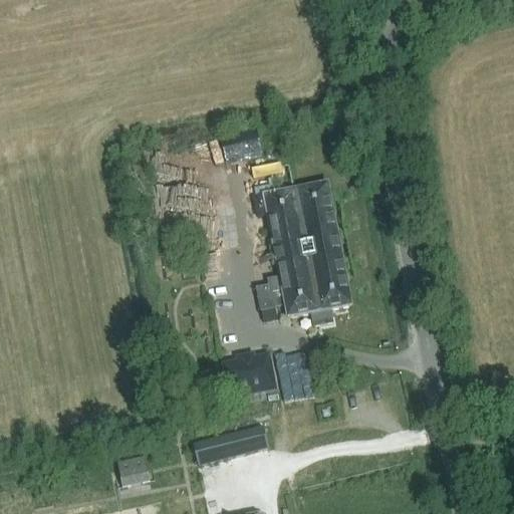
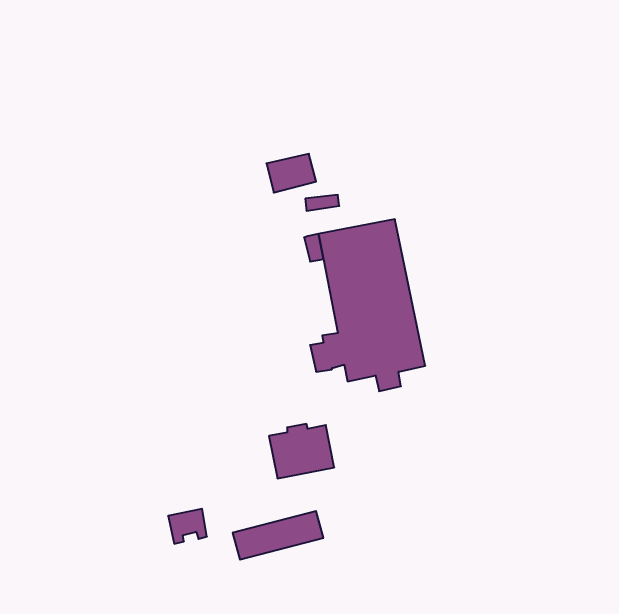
building: [288,352,312,393] -> none
building: [117,457,150,486] -> [168,509,207,544]

